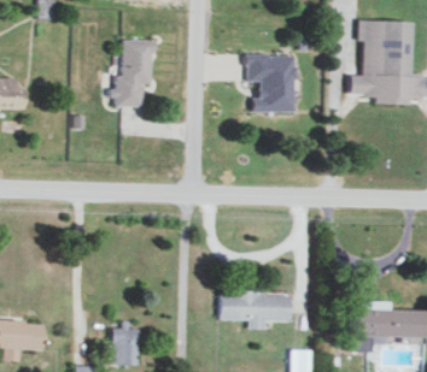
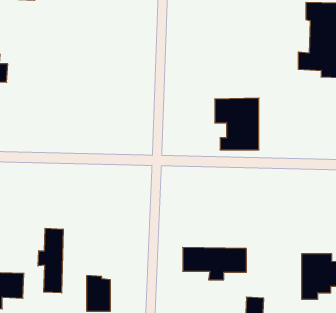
building: [115,39,153,106] -> none
building: [246,53,296,111] -> [215,98,259,150]
building: none -> [38,228,63,293]

